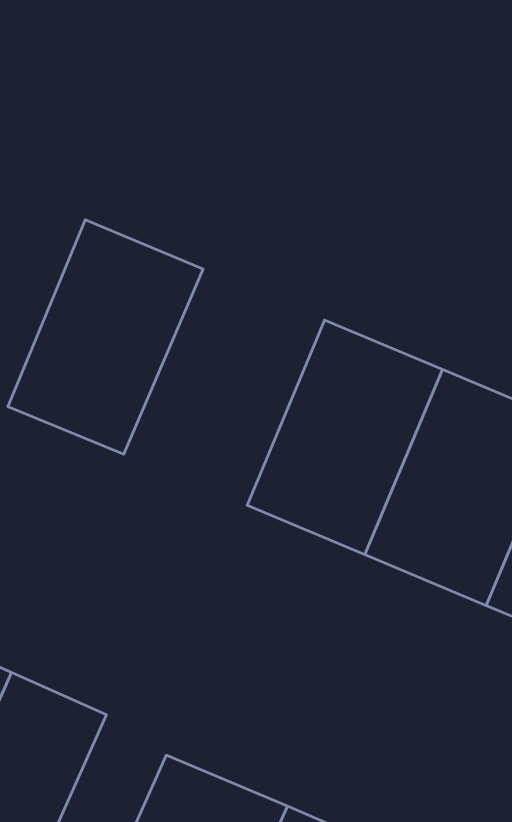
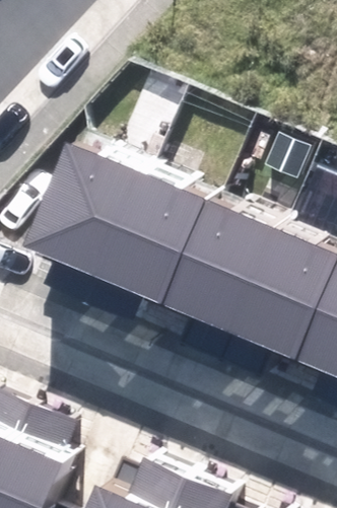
building: none -> [90,169,206,305]

